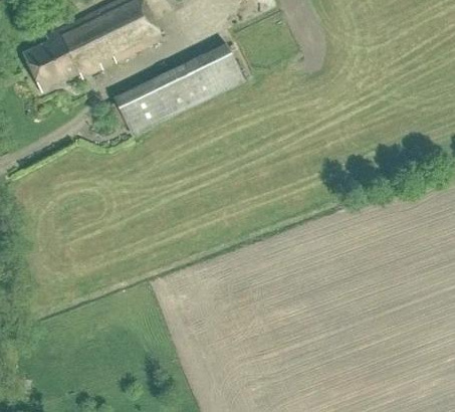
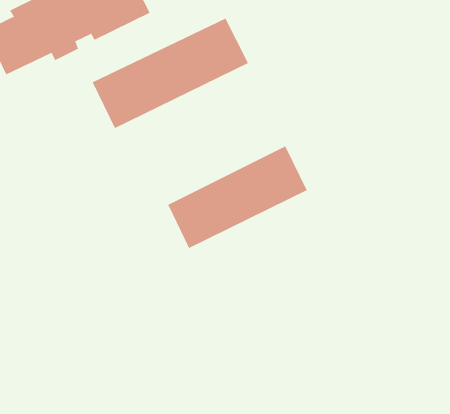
building: none -> [167,146,308,249]

